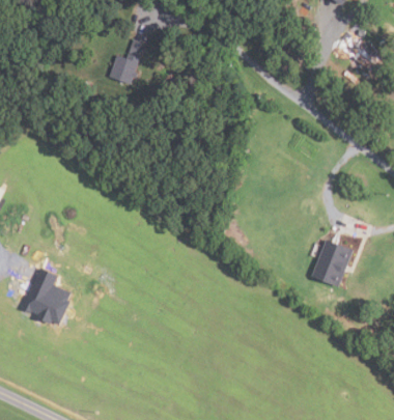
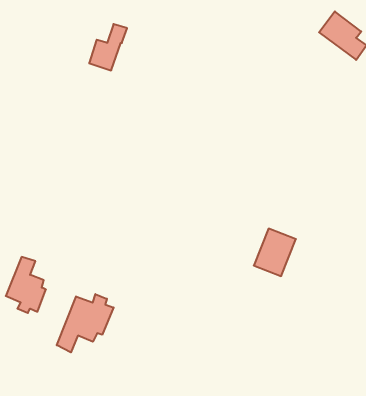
building: [312,240,354,286] -> [254,229,296,276]
building: none -> [57,294,114,352]

